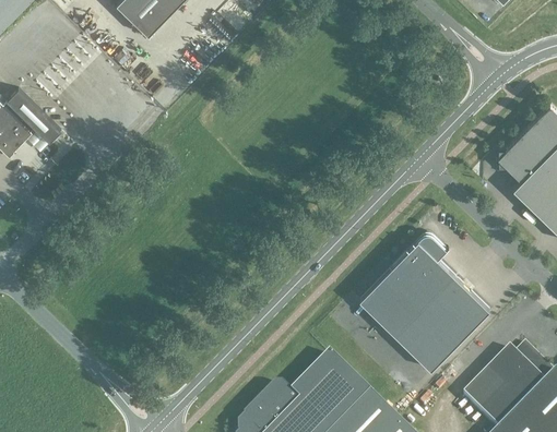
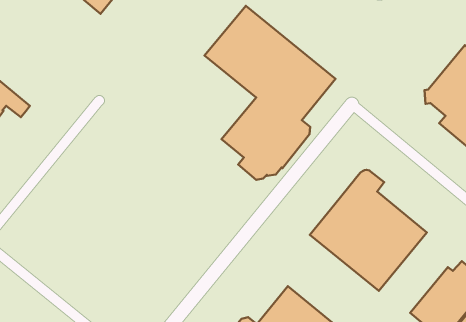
building: none -> [205,6,336,180]

